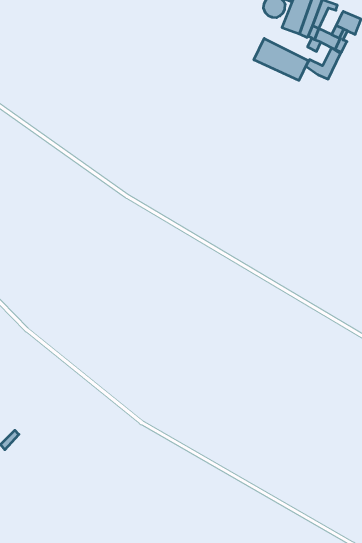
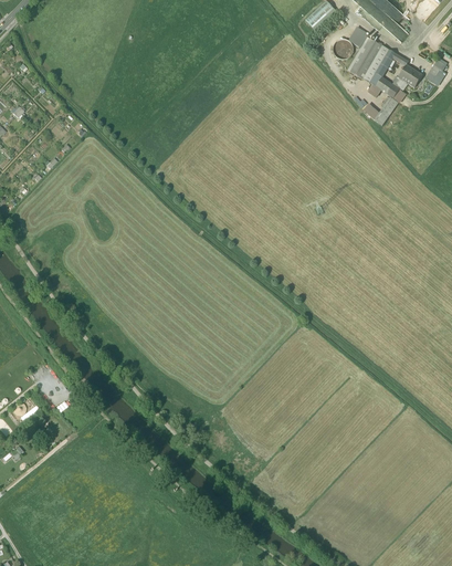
building: [254,38,309,80] -> none

